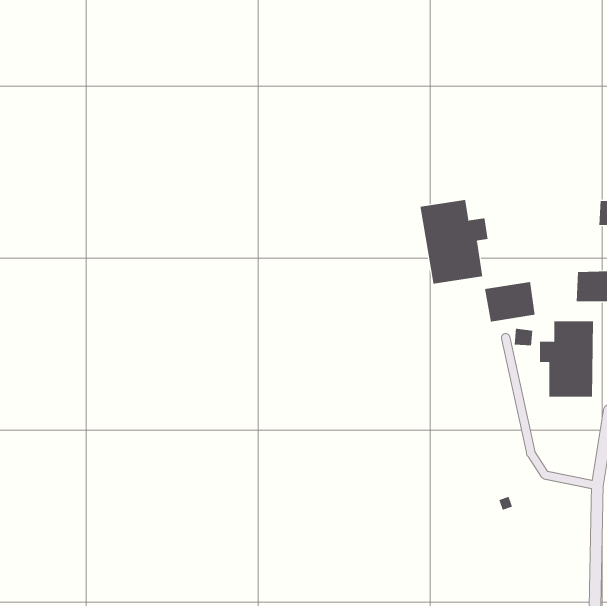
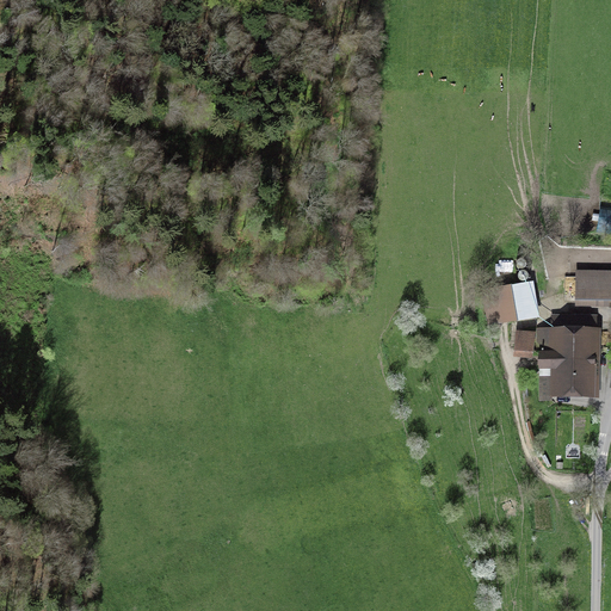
building: [420,199,488,284] -> none

